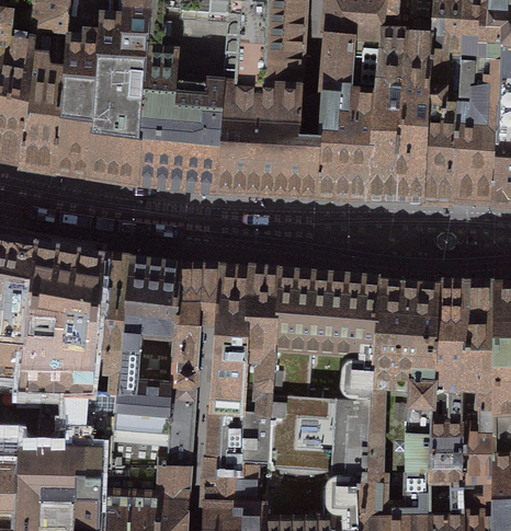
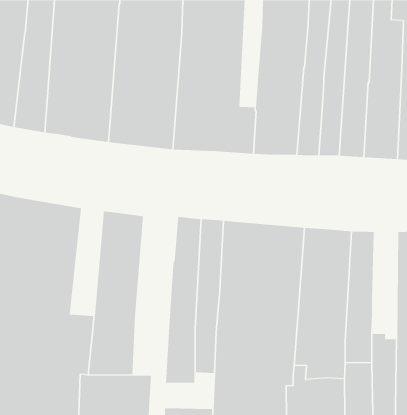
building: [89,258,129,392] -> none
building: [167,268,222,465] -> none
building: [463,288,495,420] -> none
building: [205,462,268,507] -> none

